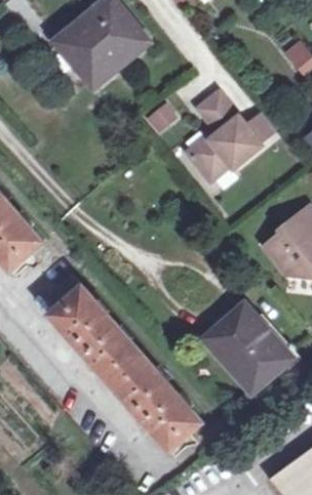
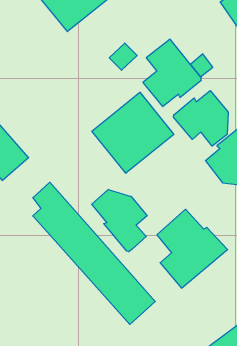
building: none -> [173,91,228,146]
building: none -> [92,92,174,173]
building: none -> [92,189,147,252]

